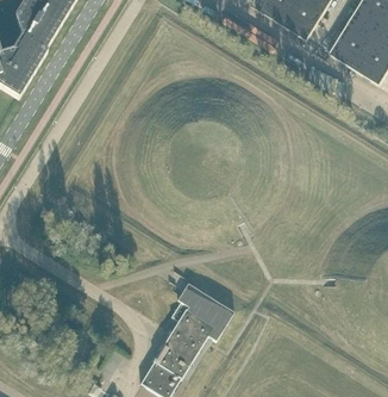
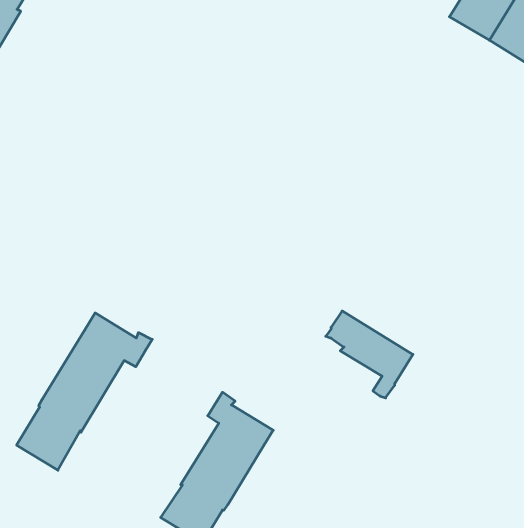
building: none -> [17,313,152,470]
building: [176,281,233,339] -> [326,311,413,398]

